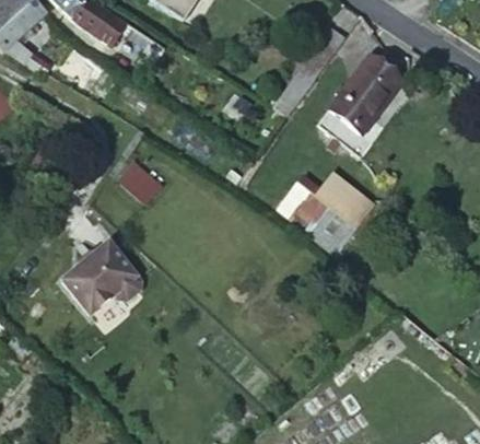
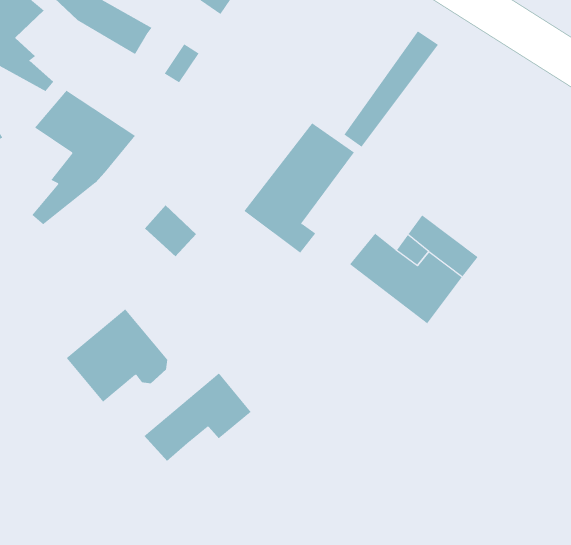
building: [318,52,403,153] -> [244,122,355,254]
building: none -> [32,90,136,225]
building: none -> [143,373,252,462]

